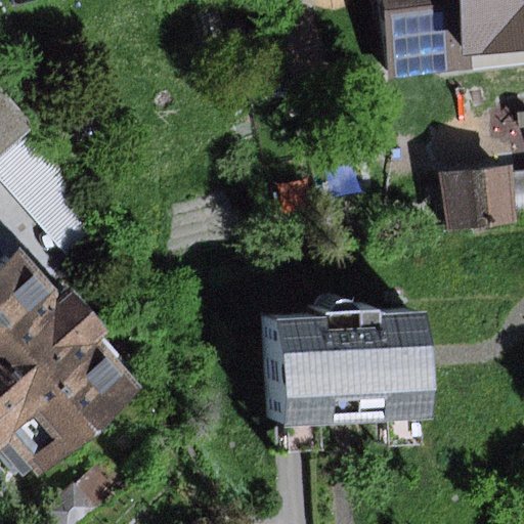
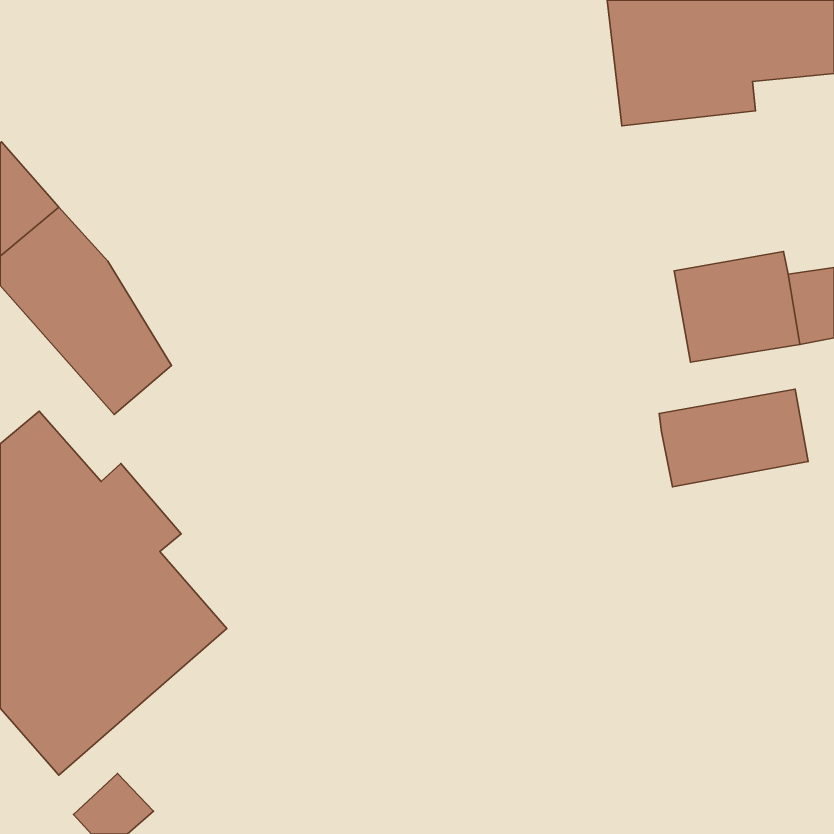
building: none -> [659,389,808,487]
building: [263,298,419,422] -> none

